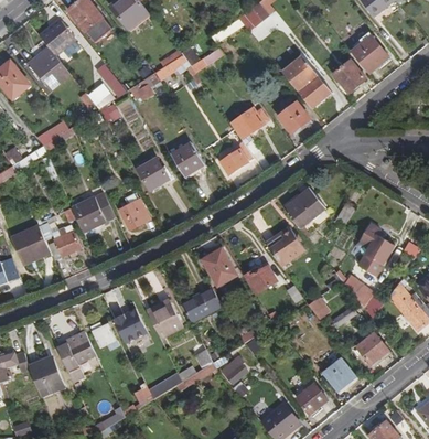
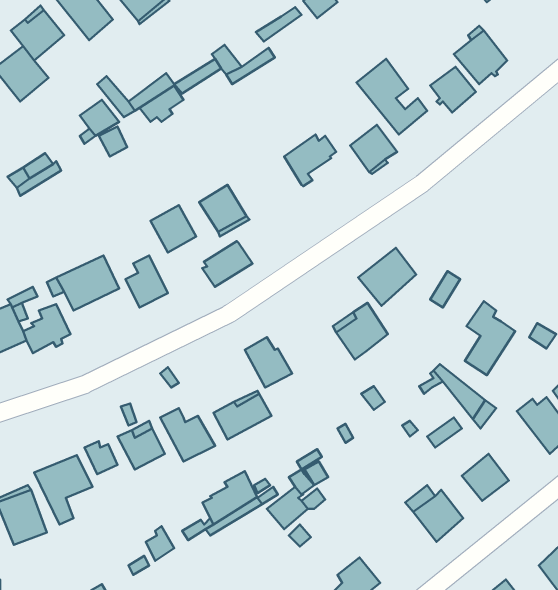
building: [218,143,254,175] -> [202,241,253,287]
building: [244,266,276,293] -> none
building: [296,384,326,415] -> none

